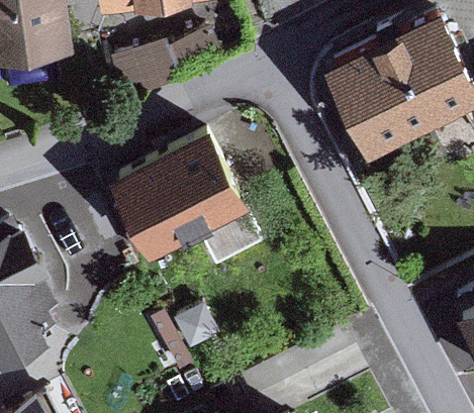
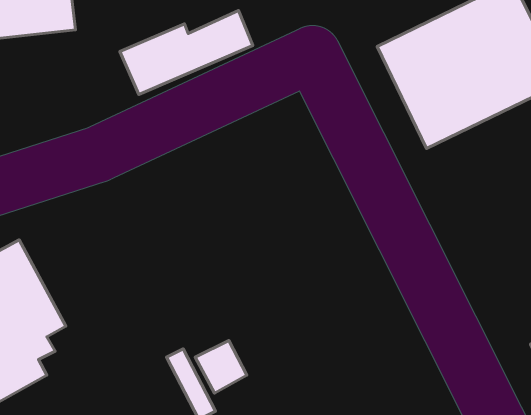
building: [105,128,259,270] -> none

